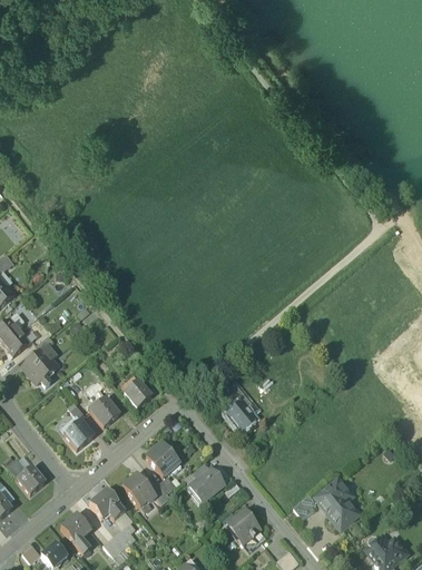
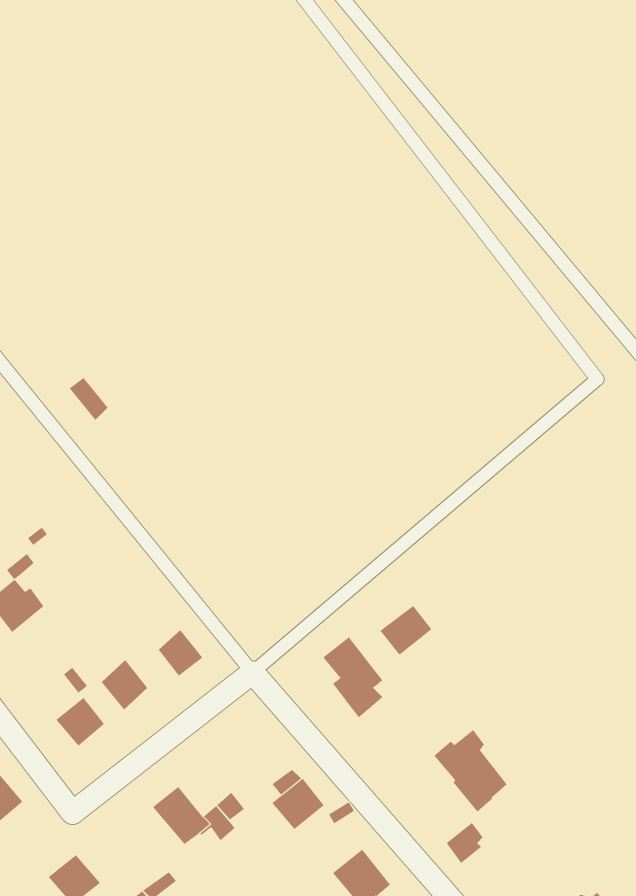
building: none -> [380,605,432,655]
building: [146,442,179,476] -> none
building: [316,481,360,530] -> [434,729,508,813]
building: [89,488,126,520] -> none

